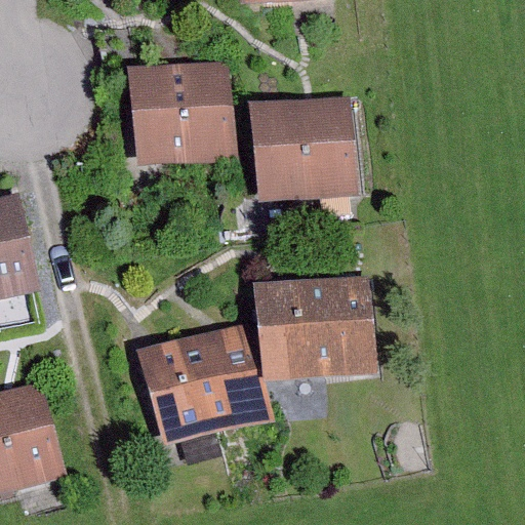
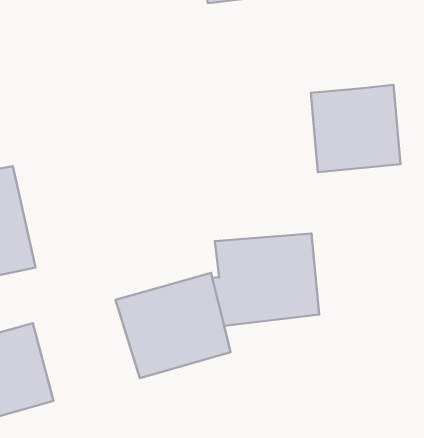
building: [129,58,236,162] -> none
building: [250,97,356,200] -> [311,85,400,172]

